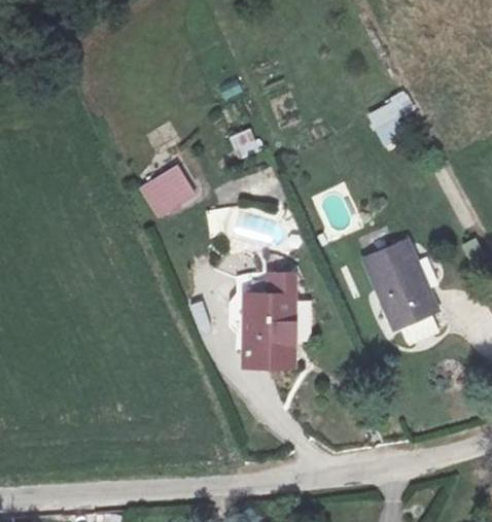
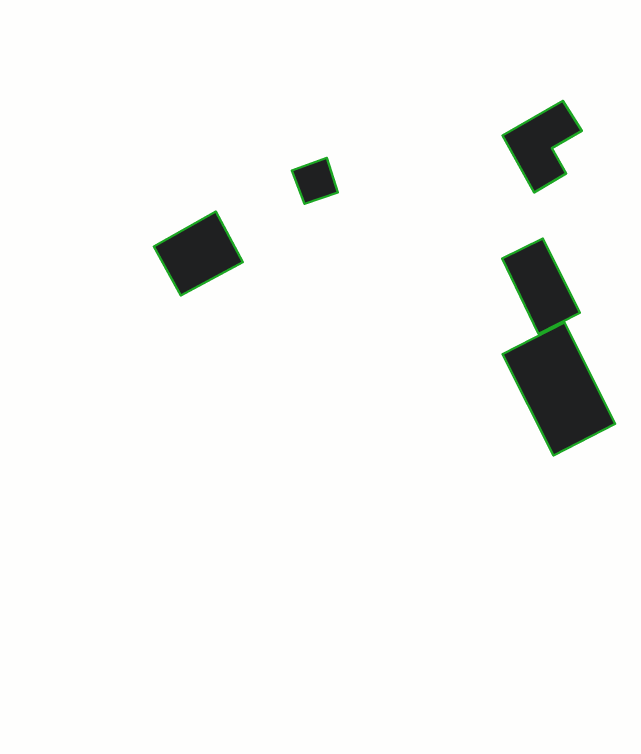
building: none -> [502,239,580,334]
building: [234,282,289,356] -> none

